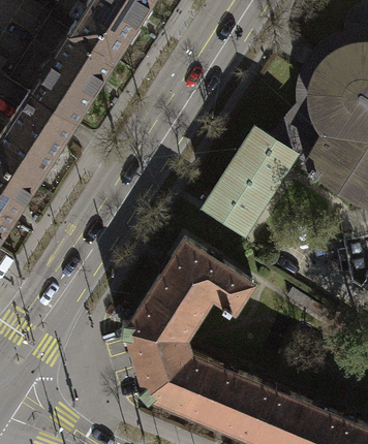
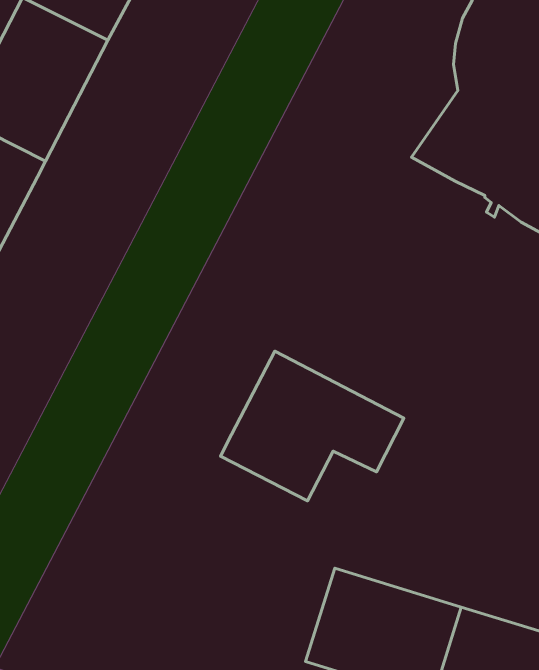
building: [208,133,294,232] -> none
building: [122,296,208,413] -> none

